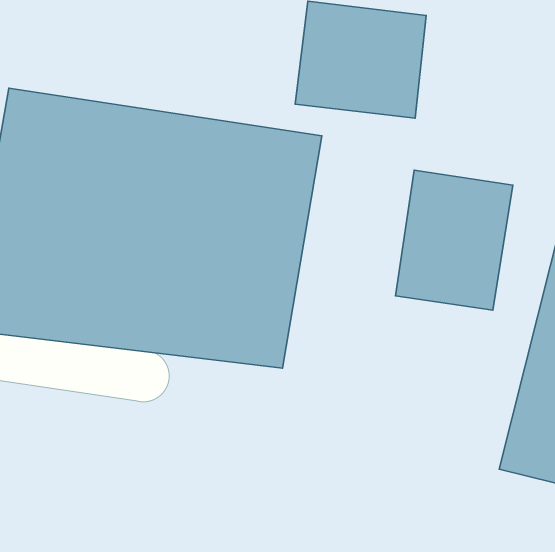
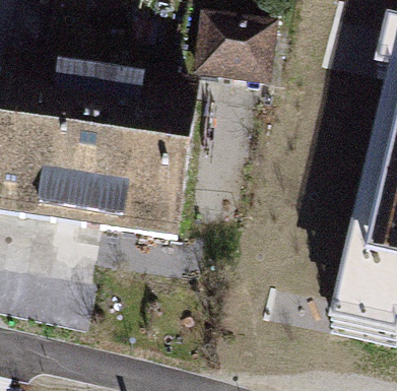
building: [396,170,513,310] -> none

